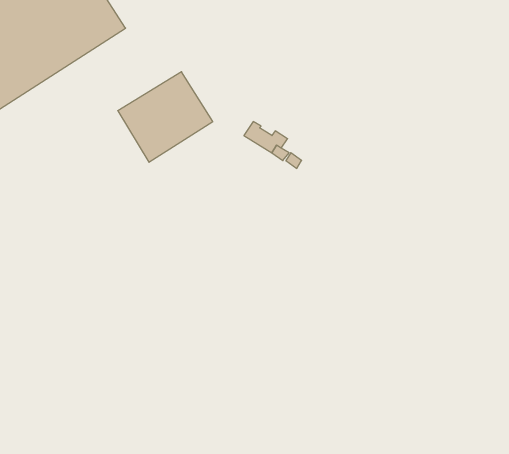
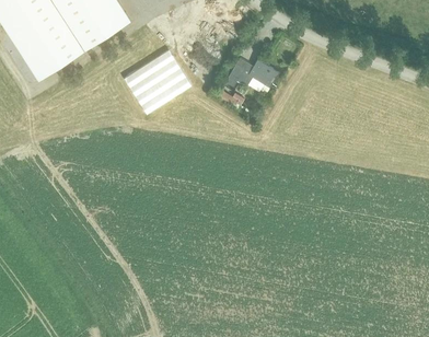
building: none -> [223,61,278,90]

